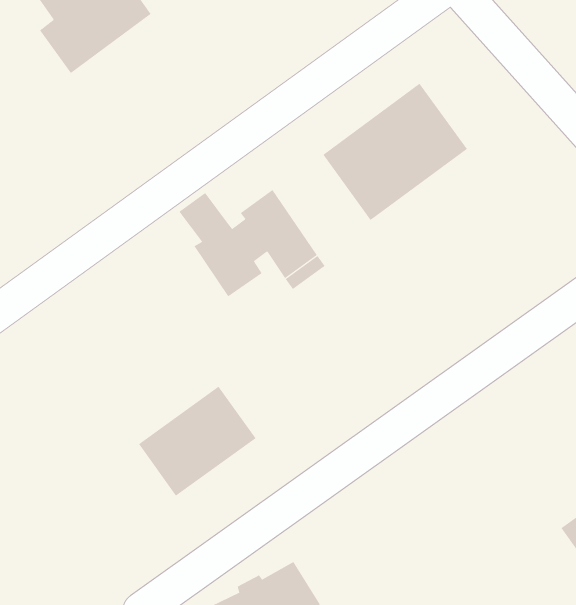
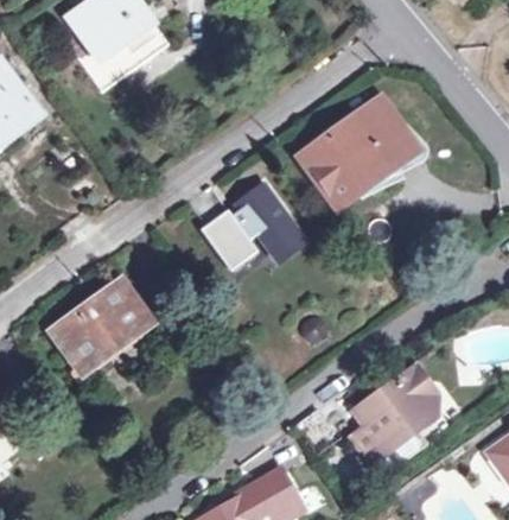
building: [138,386,256,497] -> [53,281,147,369]
building: none -> [355,364,439,464]

